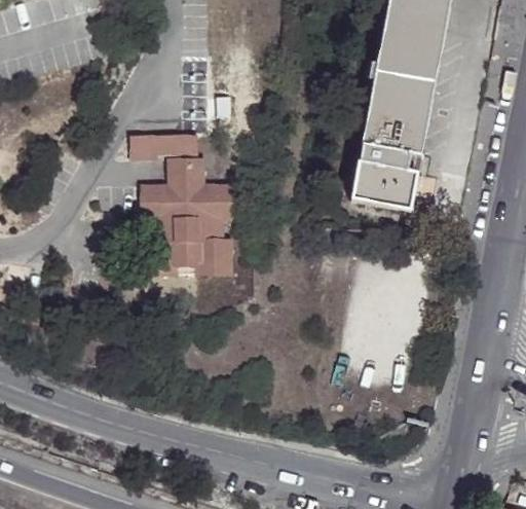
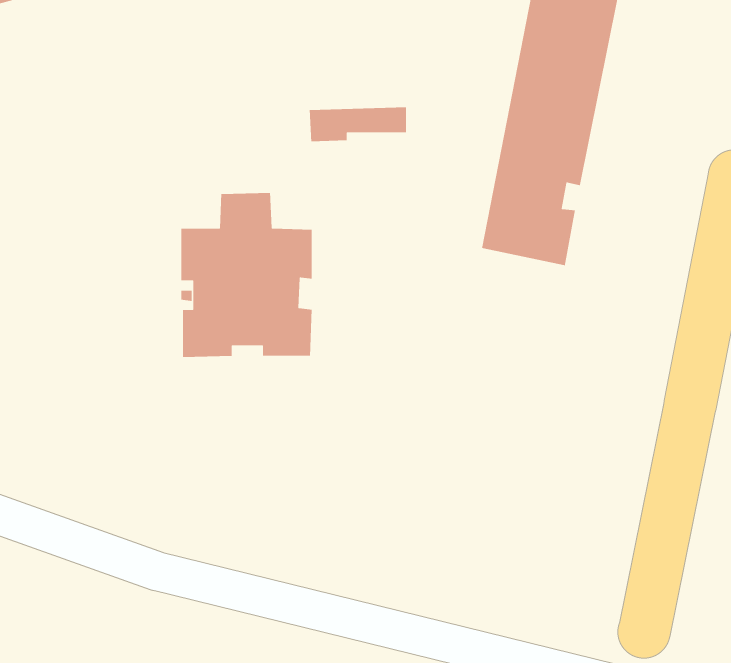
building: [132,135,199,159] -> [309,107,407,142]

